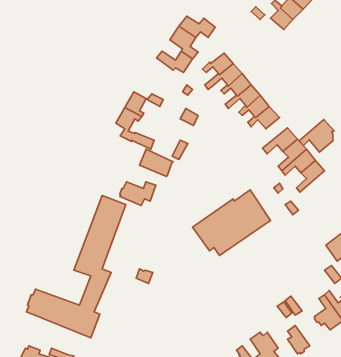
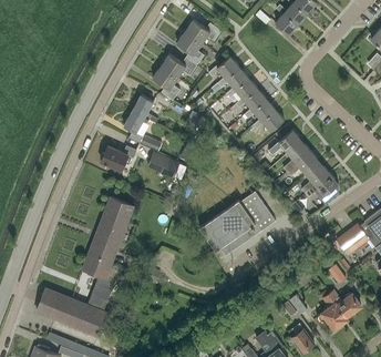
building: none -> [152,61,179,100]
building: [299,119,334,152] -> [303,172,338,204]
building: [120,182,156,206] -> [100,146,135,170]

